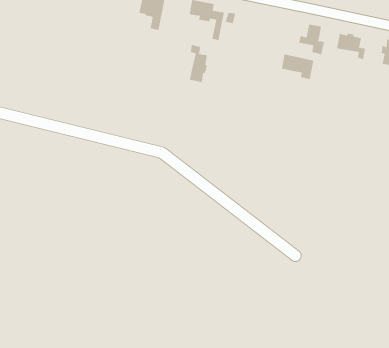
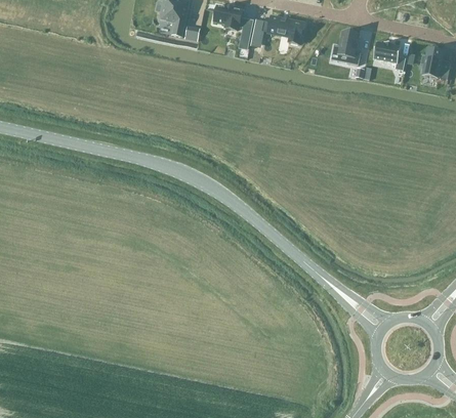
building: [189,44,207,83] -> none
building: [281,54,314,79] -> [267,16,303,44]

